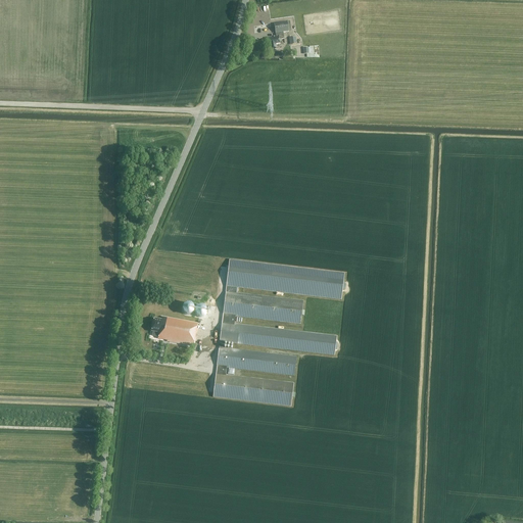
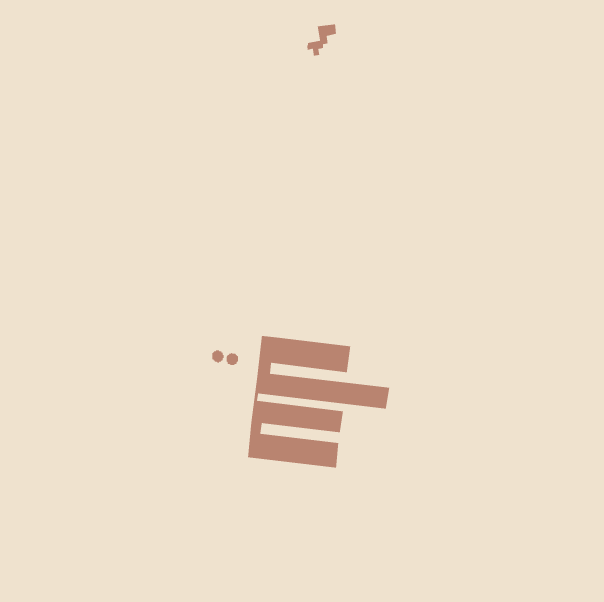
building: [226,258,344,299] -> none
building: [152,316,198,346] -> none

